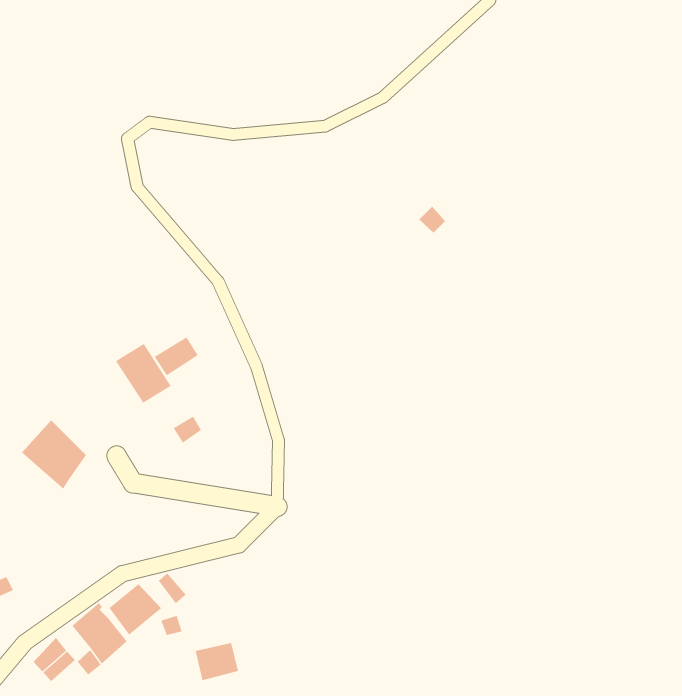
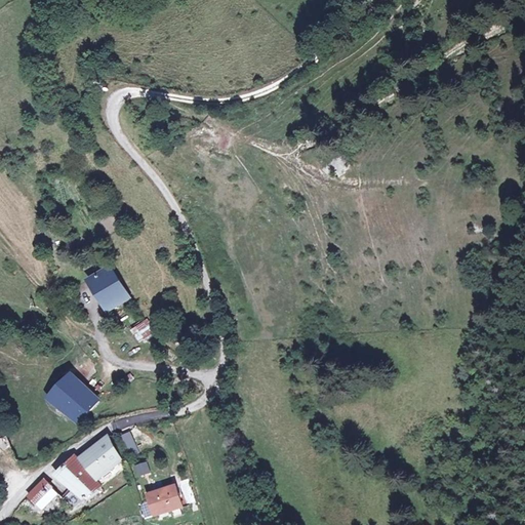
building: [154,336,198,376] -> none
building: [21,419,87,489] -> [48,372,97,425]

